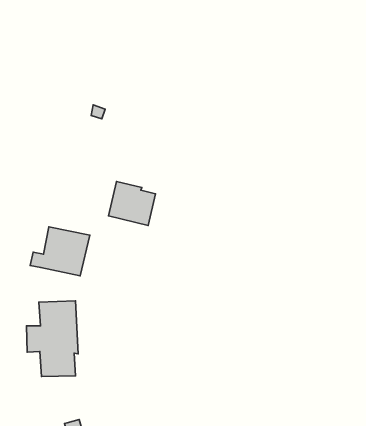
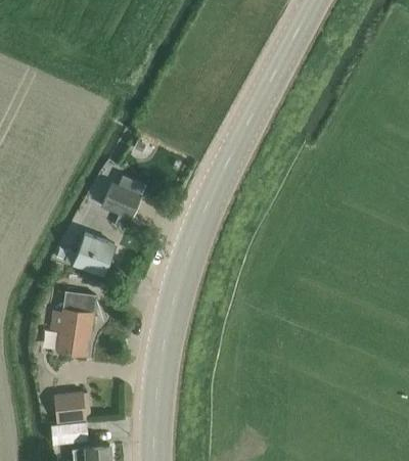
building: [108,182,156,226] -> [100,180,141,220]

